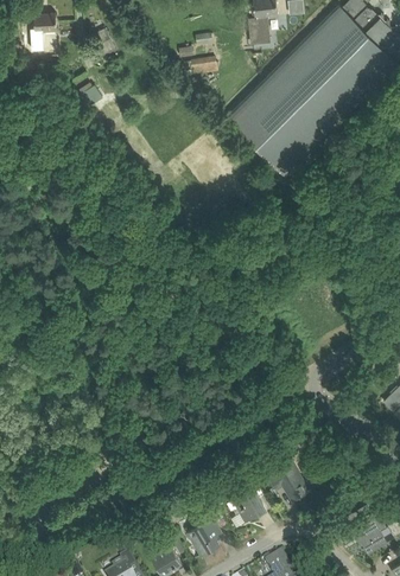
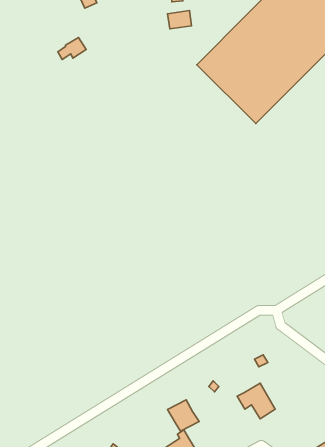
building: [231,487,266,521] -> [168,400,199,431]

